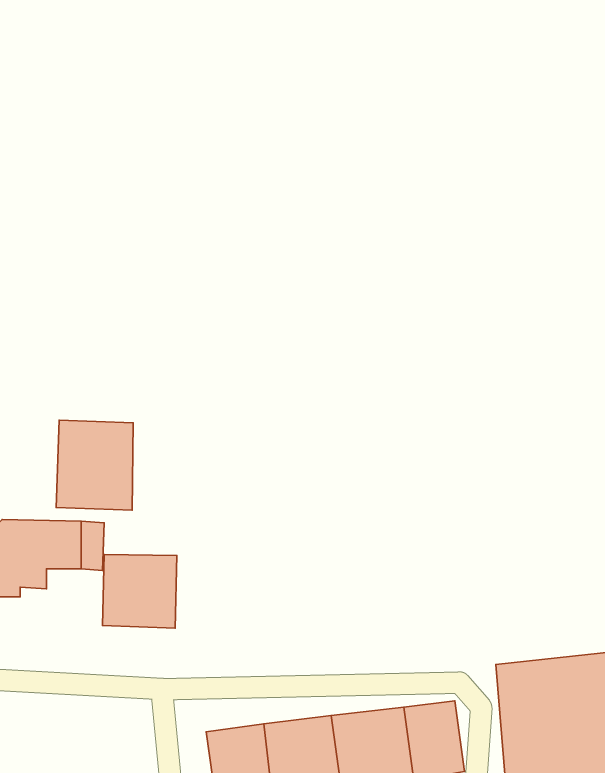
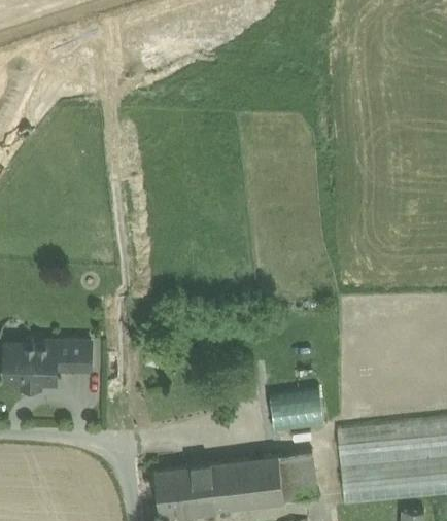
building: [56,420,133,510] -> none
building: [103,554,177,628] -> none
building: none -> [272,396,325,432]

